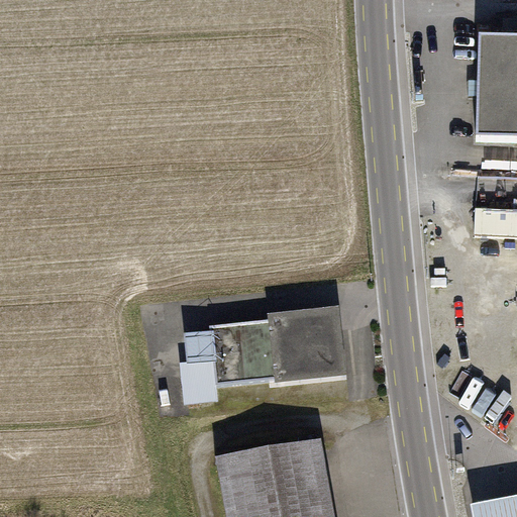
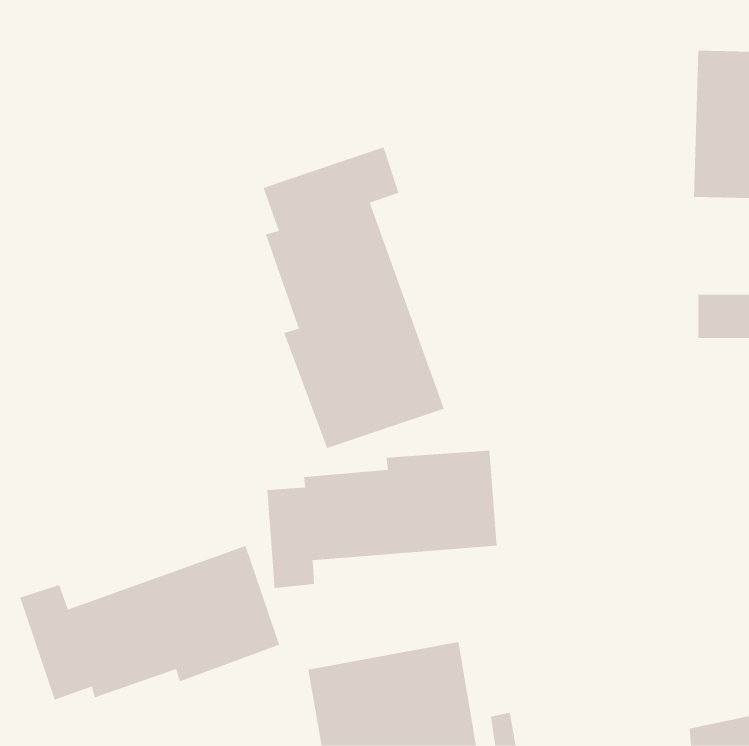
building: none -> [263,146,445,449]
building: none -> [19,545,280,700]

